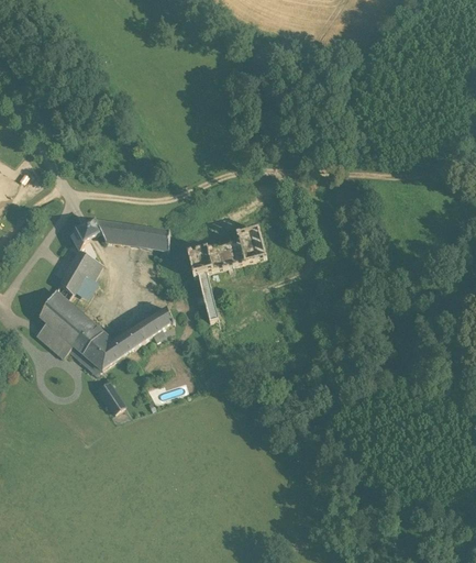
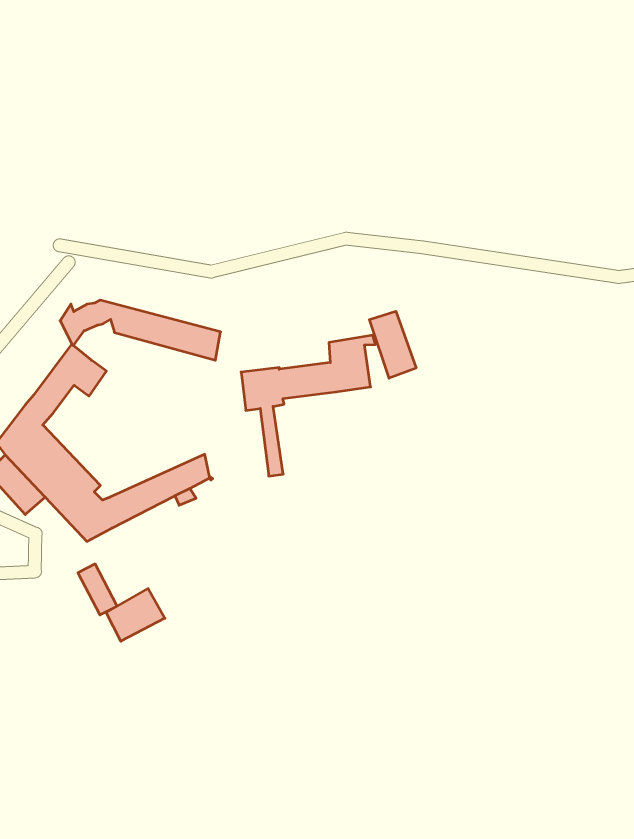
building: none -> [369,311,416,378]
building: none -> [106,589,165,641]

